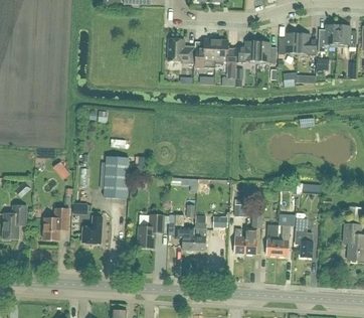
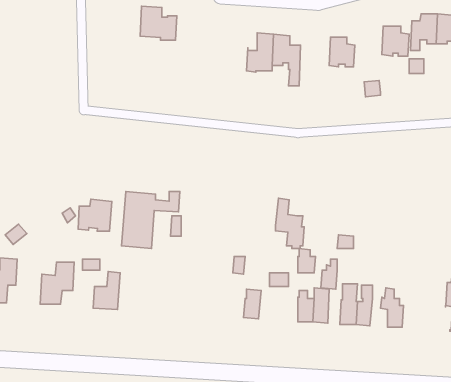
building: [279,32,298,54] -> none
building: [168,38,195,63] -> [140,6,177,40]
building: [238,40,258,62] -> none
building: none -> [78,199,112,231]
building: [138,214,164,248] -> none
building: [174,214,195,252] -> [276,198,304,248]

